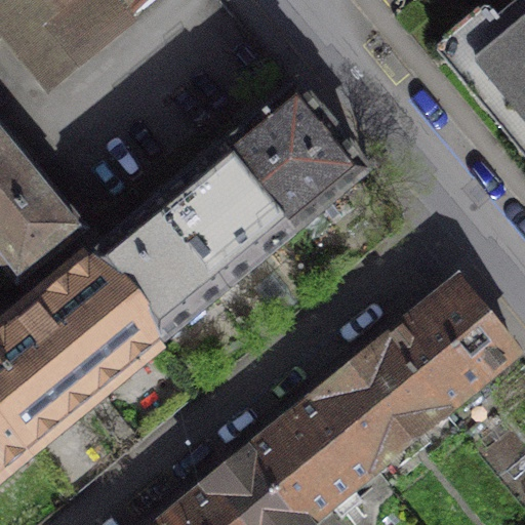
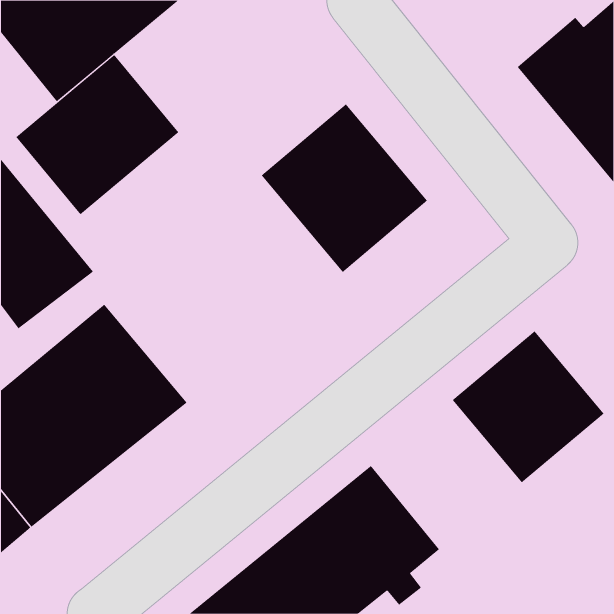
building: none -> [15,54,179,215]
building: [89,150,292,344] -> none
building: [317,341,445,469] -> none

